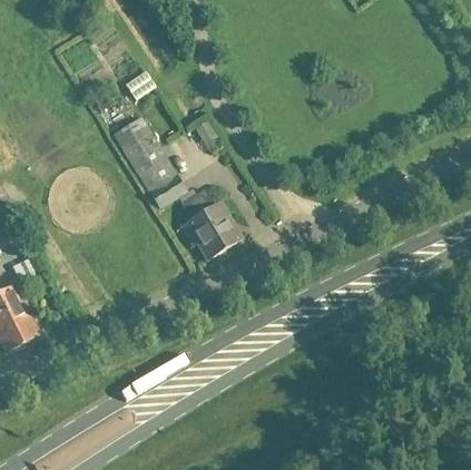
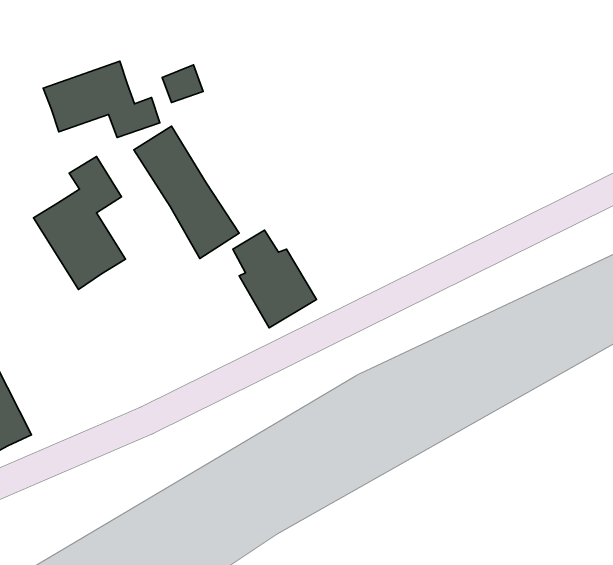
building: none -> [43,61,160,138]
building: none -> [33,157,125,289]

